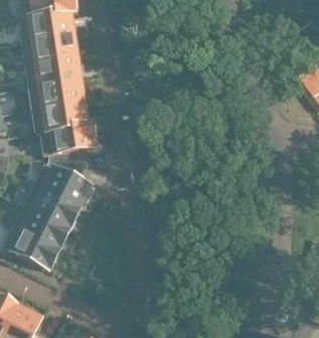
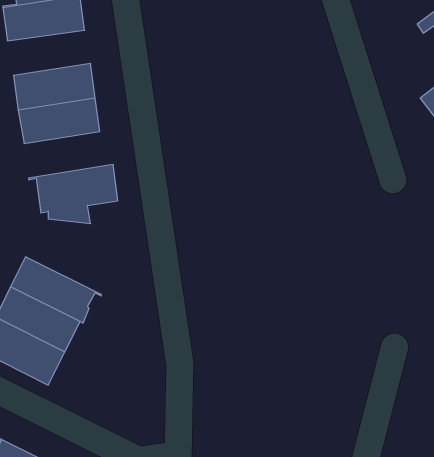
building: [20,32,75,62] -> none
building: [31,100,91,131] -> none
building: [32,158,94,208] -> none

